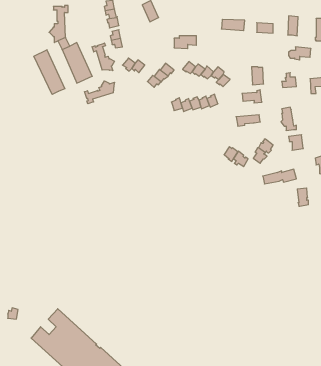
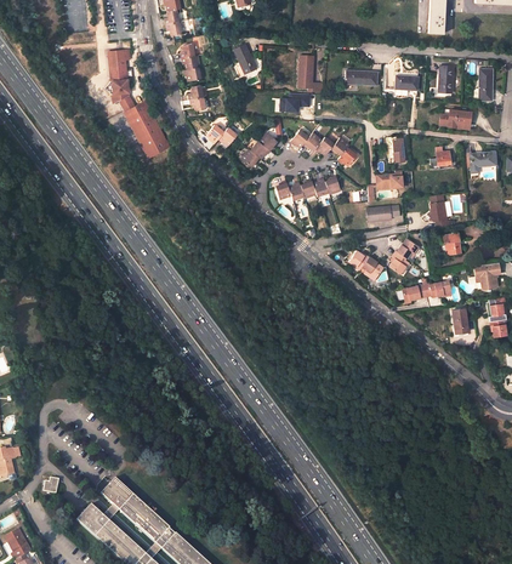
building: none -> [298,55,323,92]
building: [92,43,114,71] -> none
building: [34,50,65,94] -> none
building: [85,81,114,104] -> none

